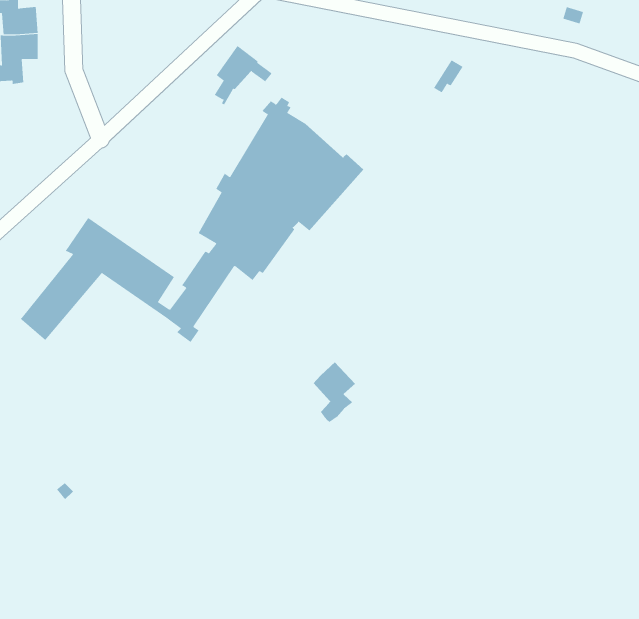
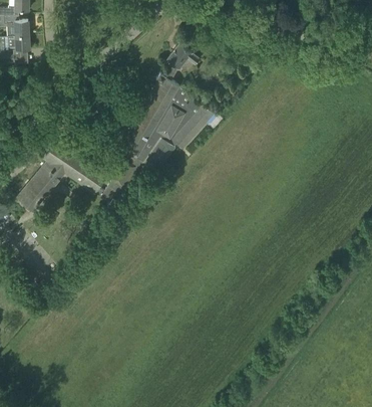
building: [214,45,272,105] -> [166,43,200,77]
building: [313,361,356,423] -> none

